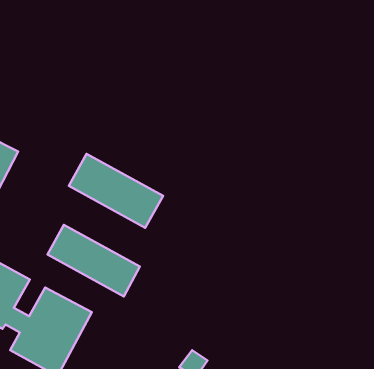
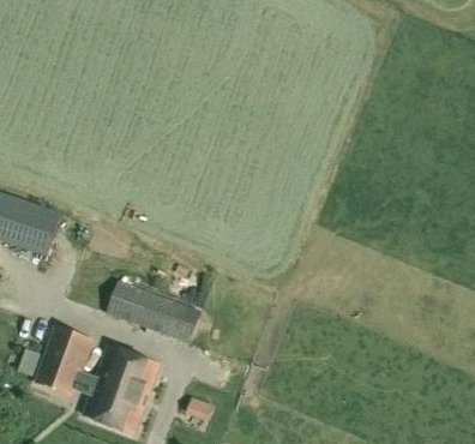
building: [69,154,163,228] -> none

